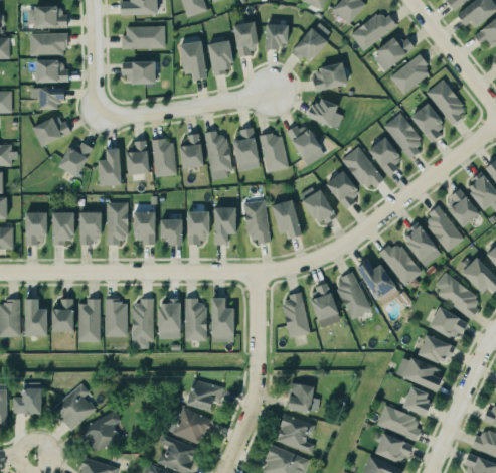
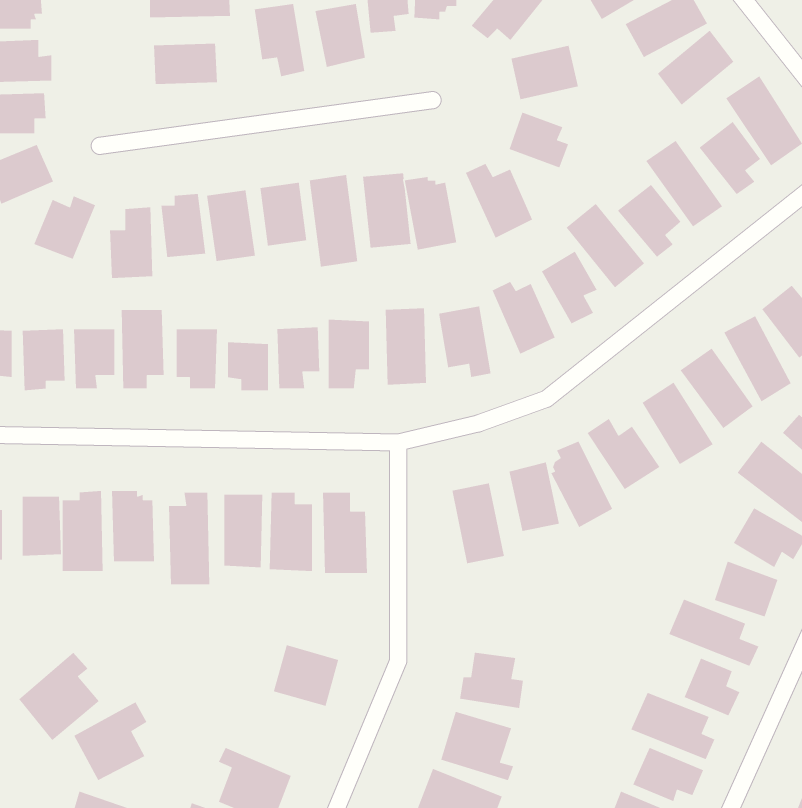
building: [172,409,208,444] -> none

